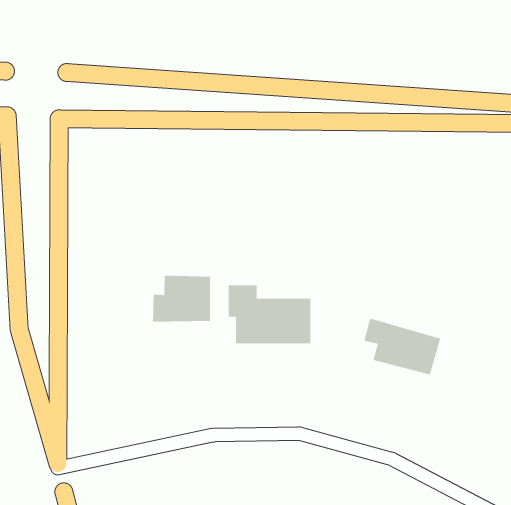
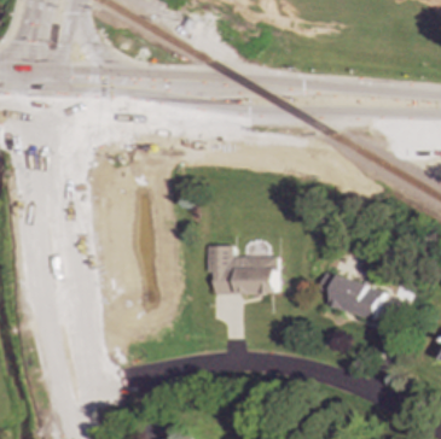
building: [152,275,211,323] -> none

